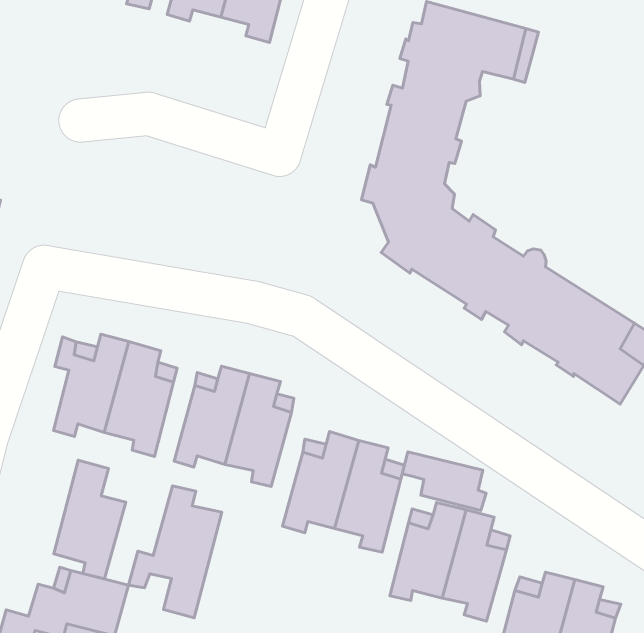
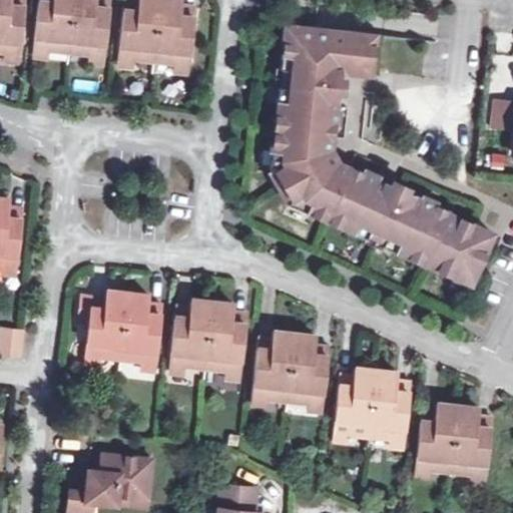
building: [402,452,486,511] -> none
building: [54,460,126,579] -> none
building: [128,486,222,618] -> none

